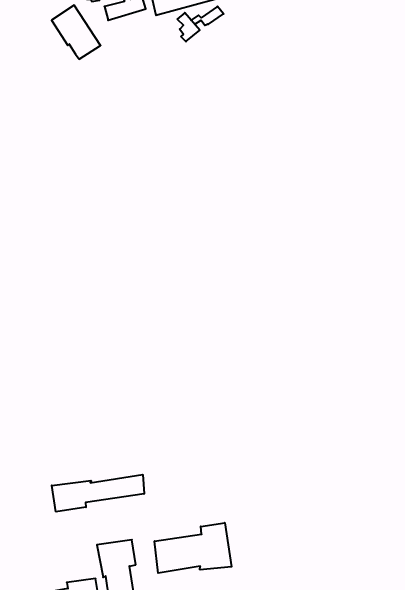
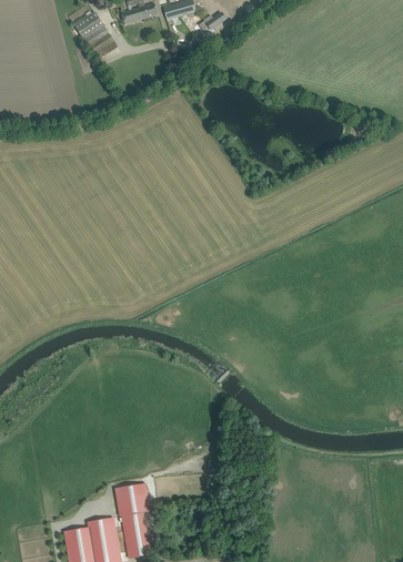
building: [52,475,144,512] -> none
building: [155,523,232,573] -> none

